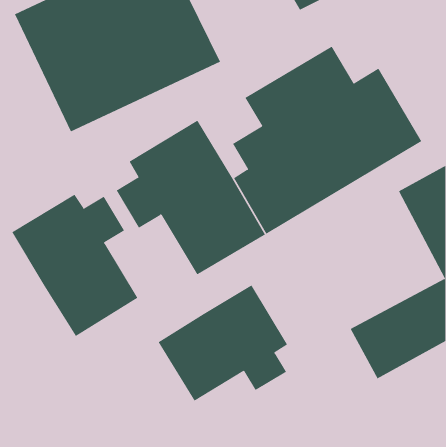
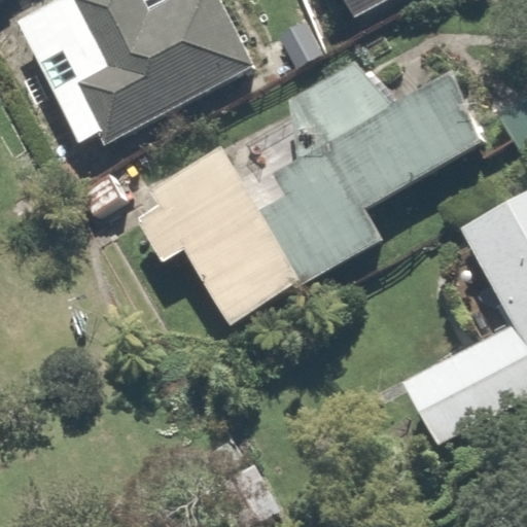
building: [11,194,138,337] -> none
building: [158,285,288,401] -> none

